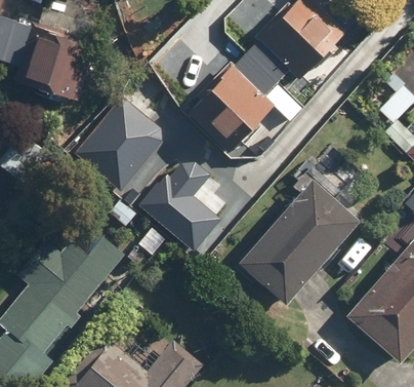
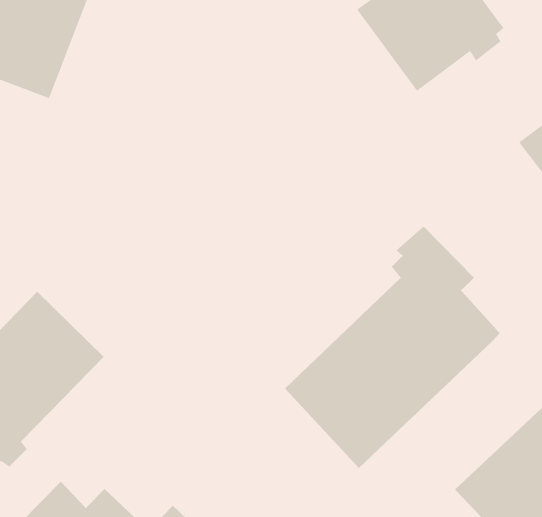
building: [193,55,280,143] -> none
building: [74,88,166,187] -> none
building: [144,155,227,242] -> none

